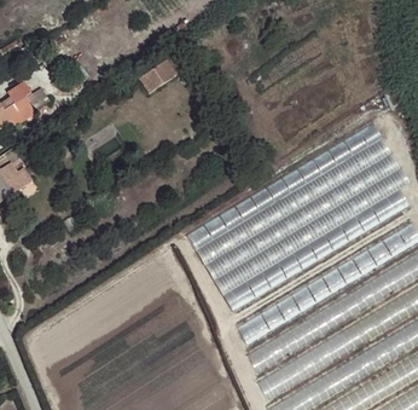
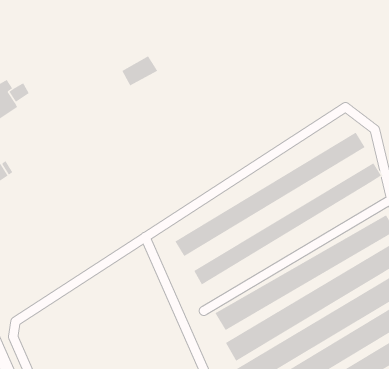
building: [185,122,381,250] -> none
building: [204,154,399,281] -> none
building: [222,189,408,312] -> none

